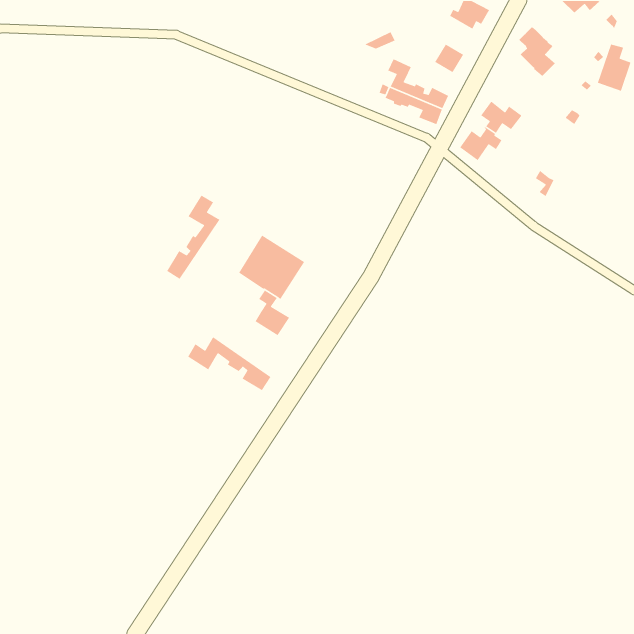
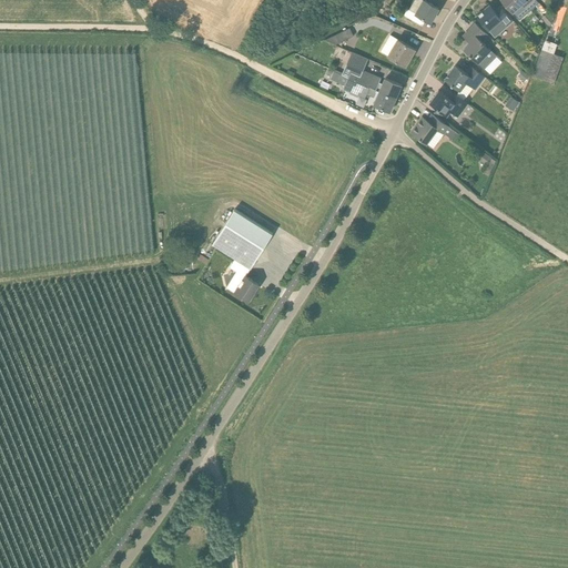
building: none -> [477,4,514,37]
building: none -> [445,65,486,91]
building: [166,195,221,280] -> none
building: [187,336,271,391] -> none

